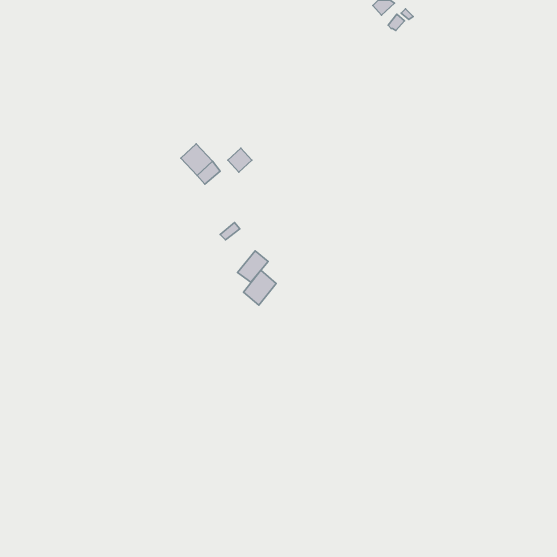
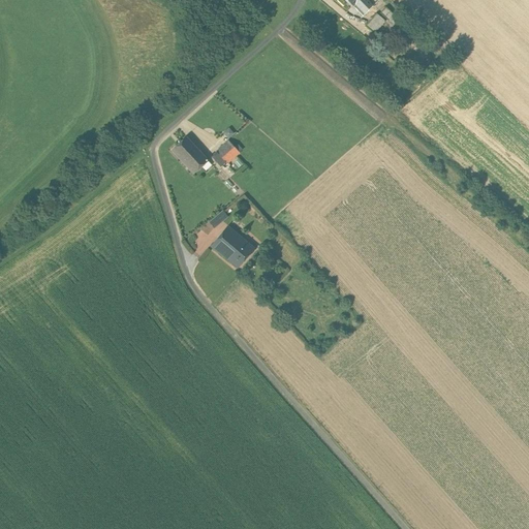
building: [243,270,276,305] -> [211,225,242,258]

